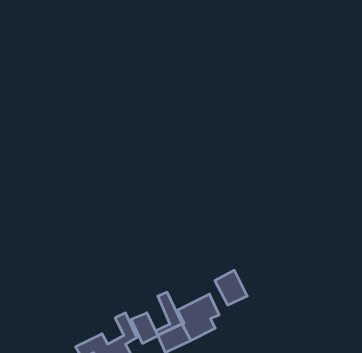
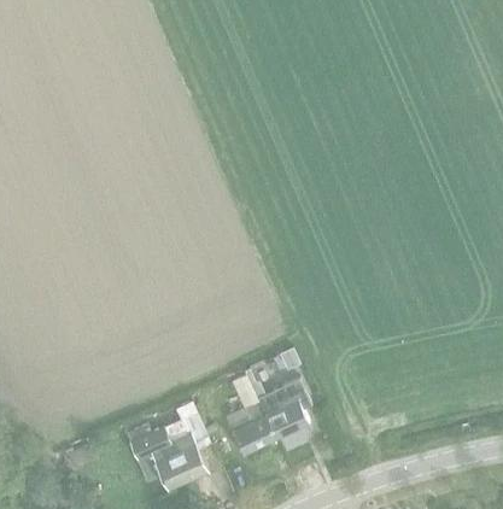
building: [215,270,247,305] -> none
building: [131,313,158,343] -> none

